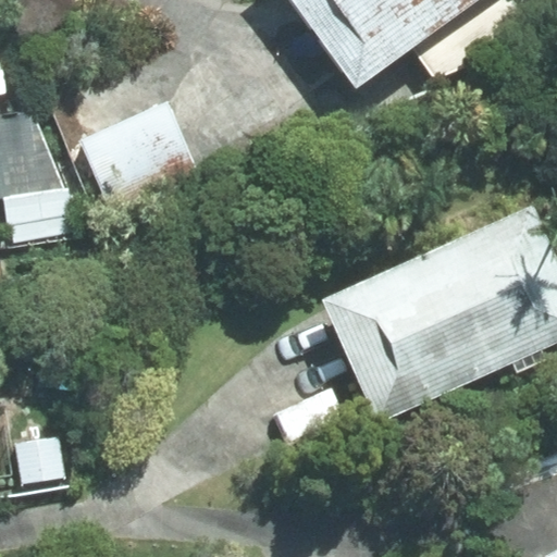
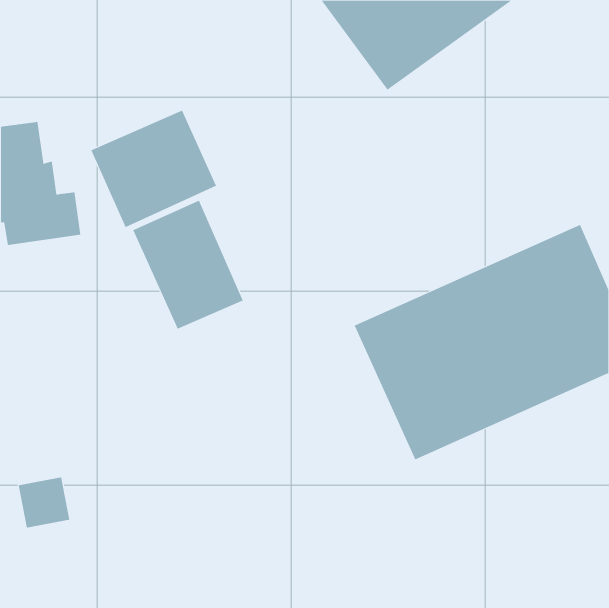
building: none -> [133,200,243,330]

